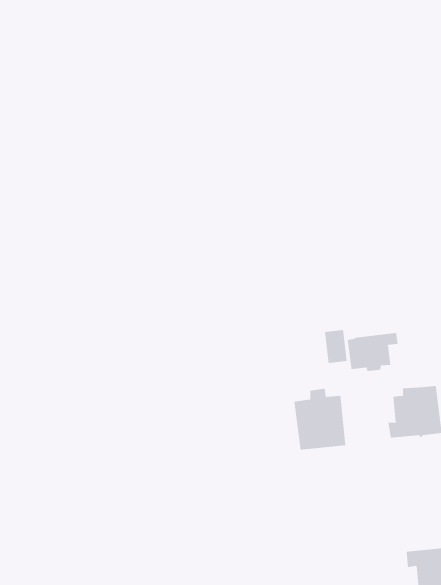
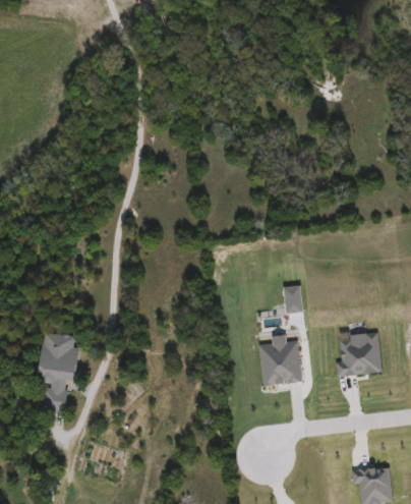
building: [347,332,398,372] -> none
building: none -> [33,331,80,414]

